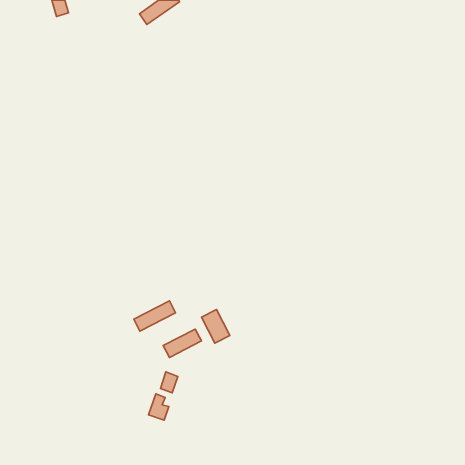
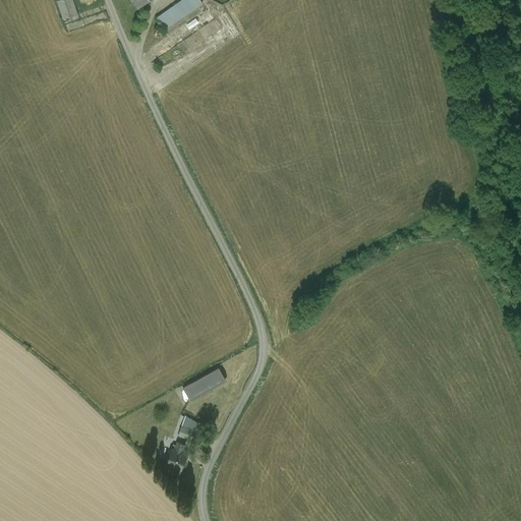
building: [134,301,175,331] -> none
building: [201,310,230,343] -> none

